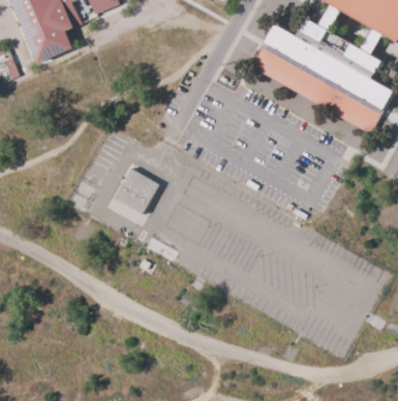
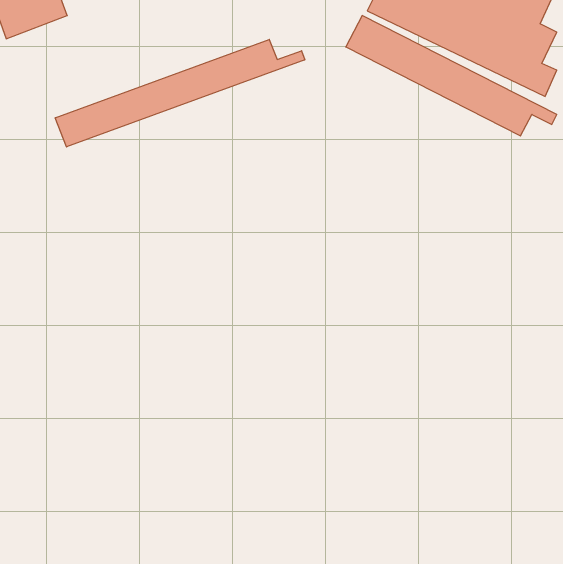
building: none -> [55,39,305,147]
building: [114,168,160,215] -> none

